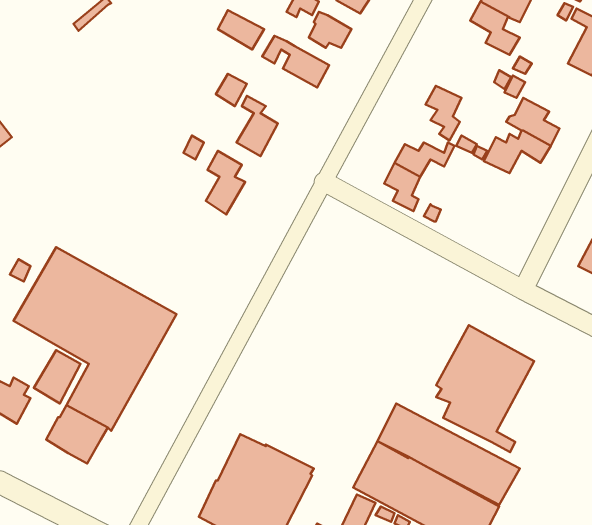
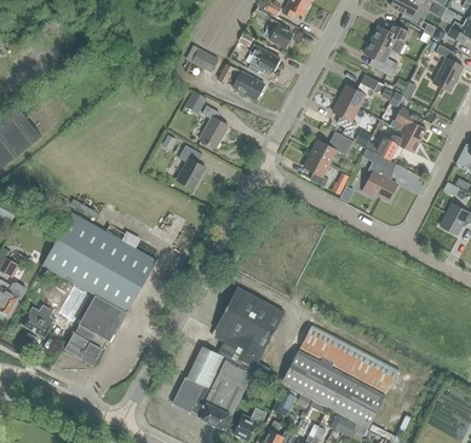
building: none -> [339,75,383,108]
building: none -> [361,161,396,201]
building: [436,325,534,452] -> [214,287,283,376]

